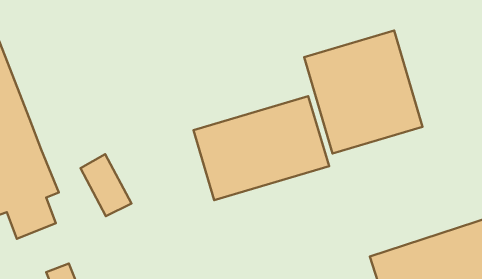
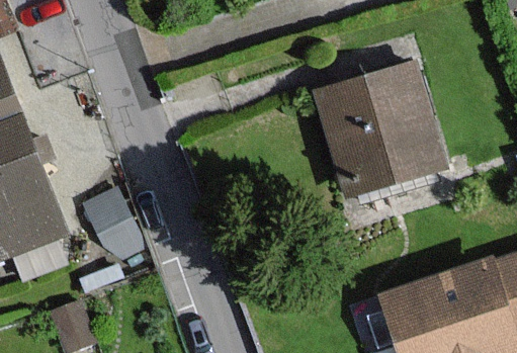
building: [193,96,329,200] -> none

